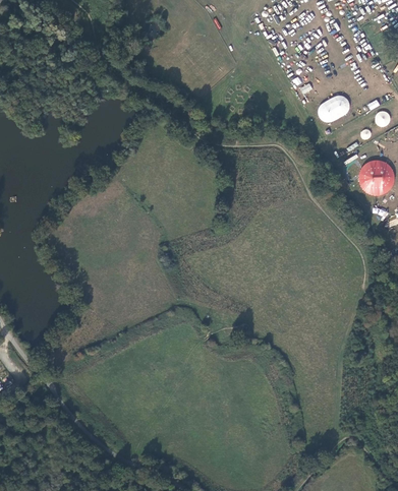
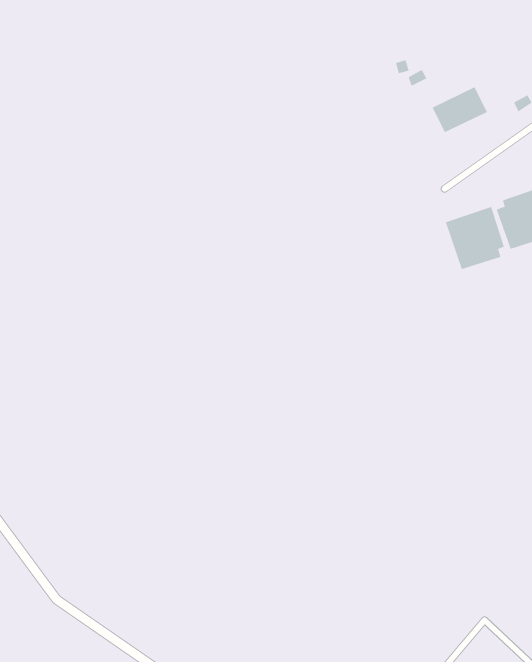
building: none -> [445,206,505,270]

